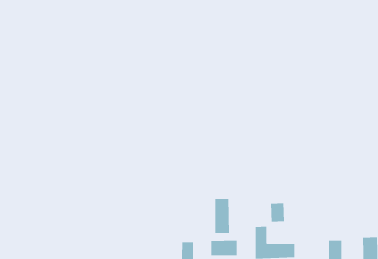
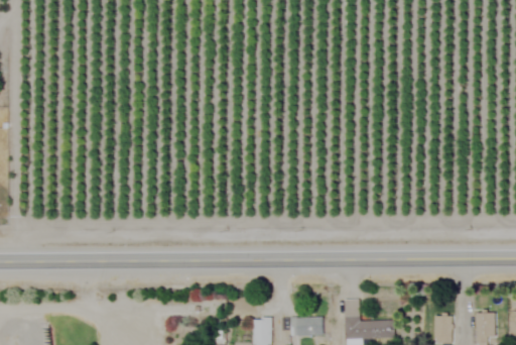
building: [215,198,230,234] -> none
building: [270,203,285,222] -> none

